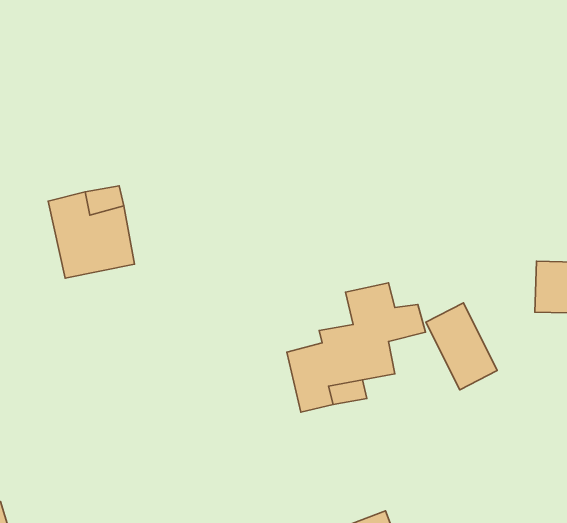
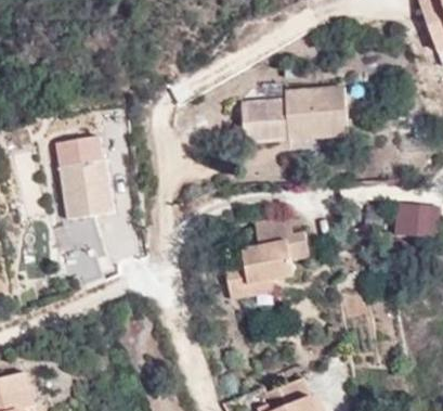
building: none -> [243,87,351,143]
building: [426,303,497,390] -> none

